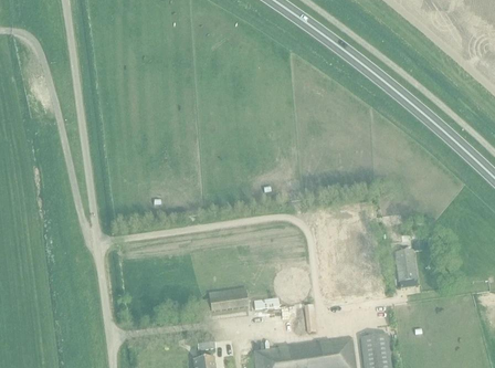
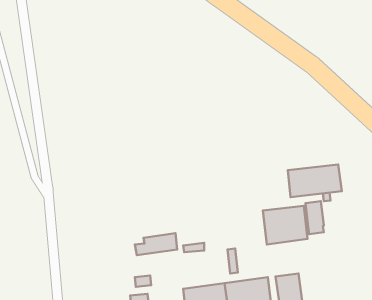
building: none -> [288,164,342,197]
building: none -> [263,206,308,244]

